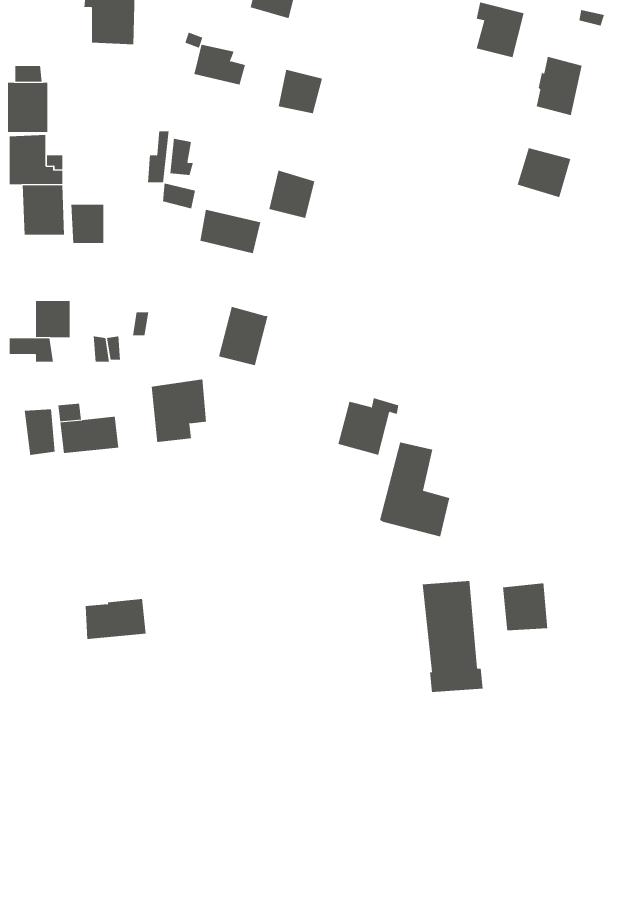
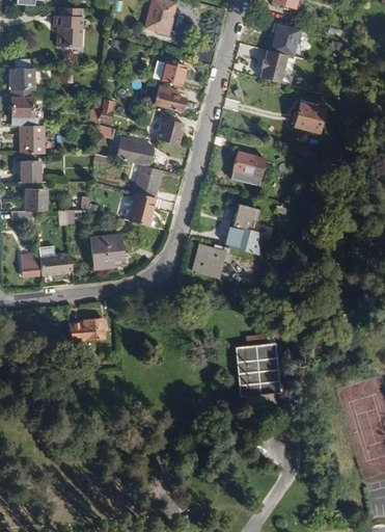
building: [193,44,246,85] -> [156,86,185,109]
building: [536,56,583,116] -> [262,50,287,83]
building: [71,204,104,243] -> [21,160,39,182]
building: none -> [231,151,266,185]
building: none -> [136,164,162,197]
building: [379,442,450,537] -> [227,203,267,256]
building: [503,583,548,631] -> none
building: [85,598,146,639] -> [71,318,105,341]

